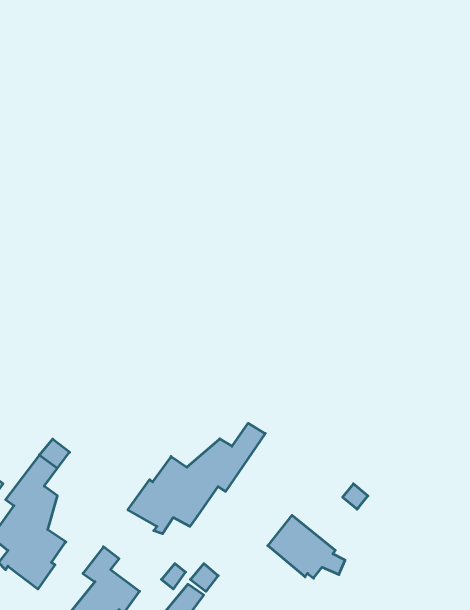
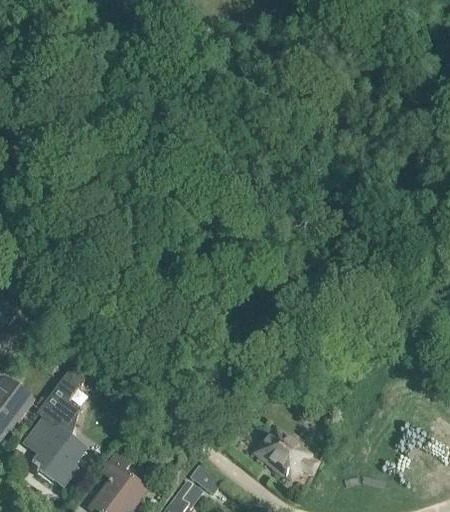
building: [128,423,265,534] -> none

